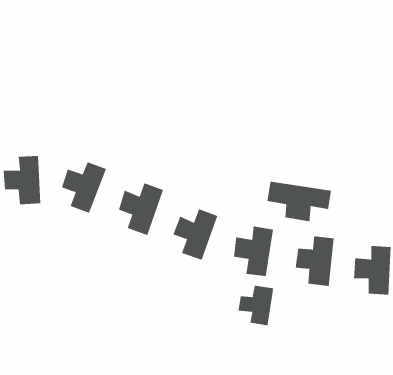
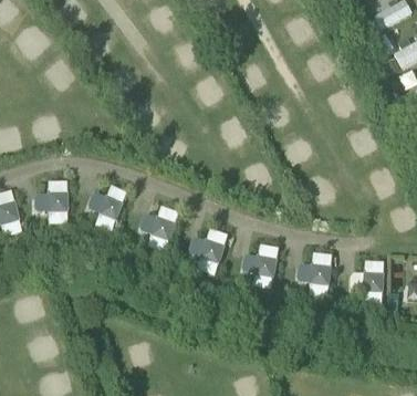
building: [267,181,332,222] -> none
building: [238,285,274,326] -> none

